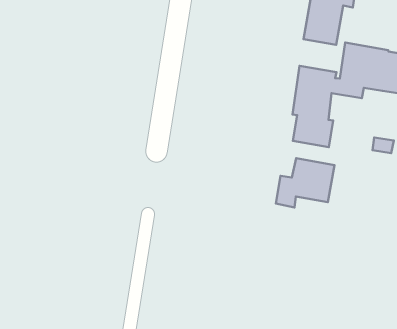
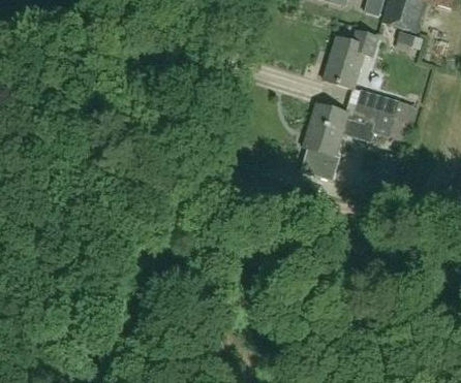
building: [276,158,334,207] -> none

